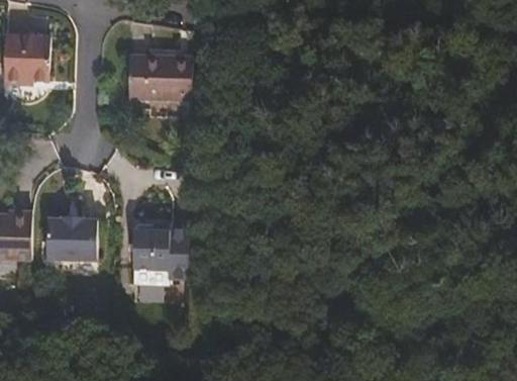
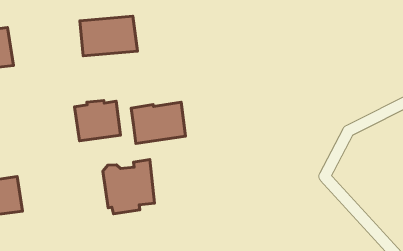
building: none -> [131,102,186,144]
building: [43,215,93,260] -> [74,100,121,141]

